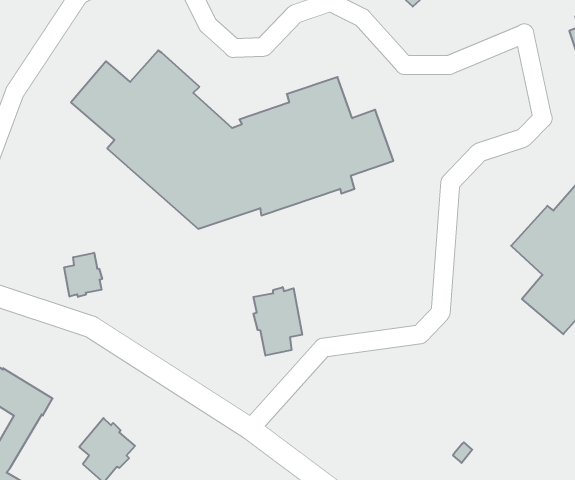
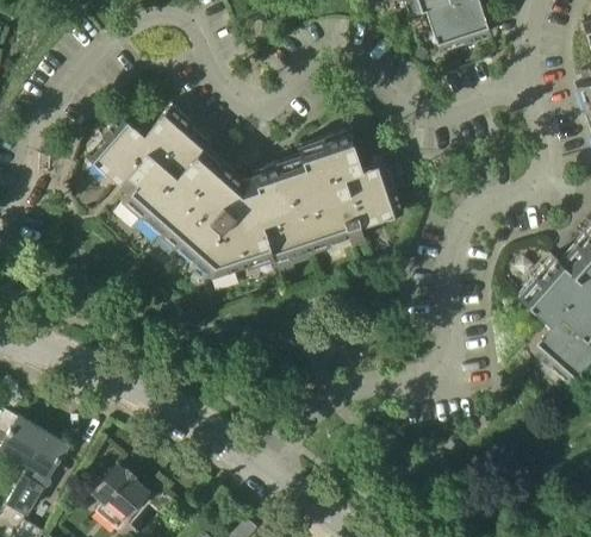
building: [64,253,102,297] -> none
building: [253,287,302,356] -> none

